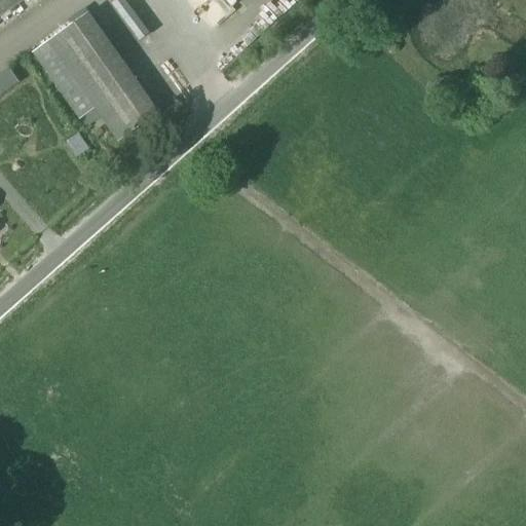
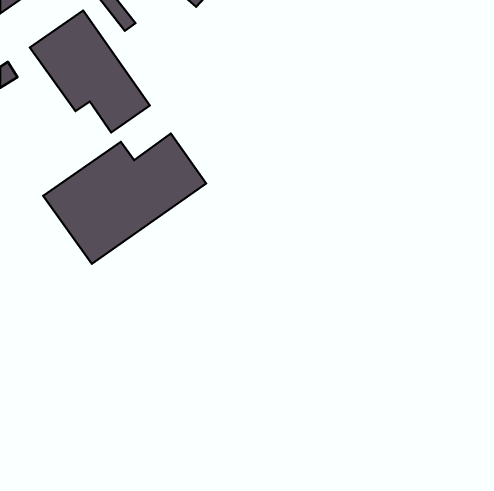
building: none -> [43,134,206,264]

